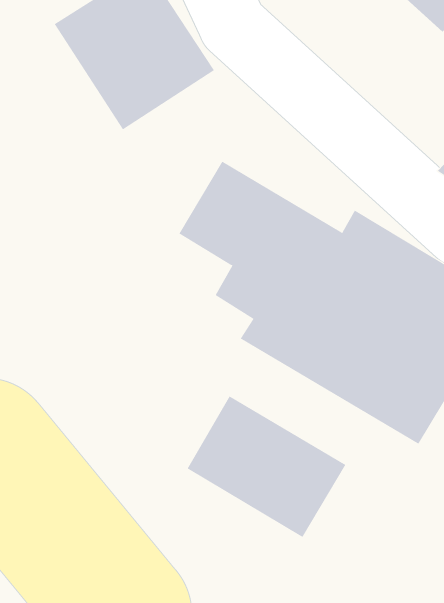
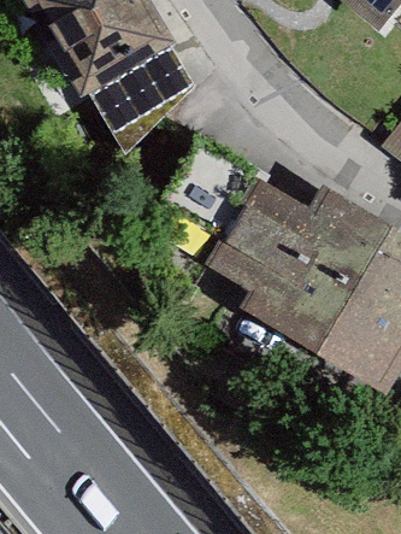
building: [187,395,346,538] -> none

